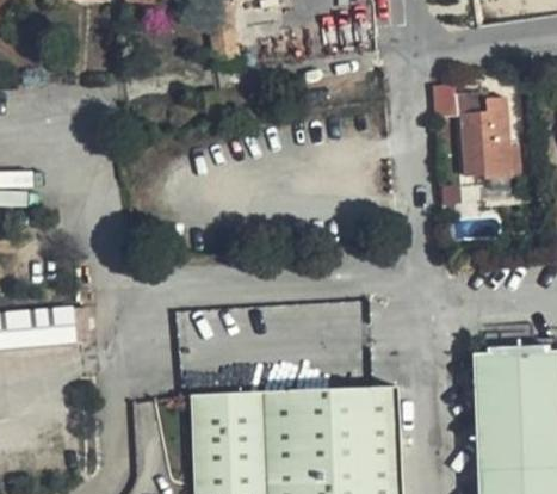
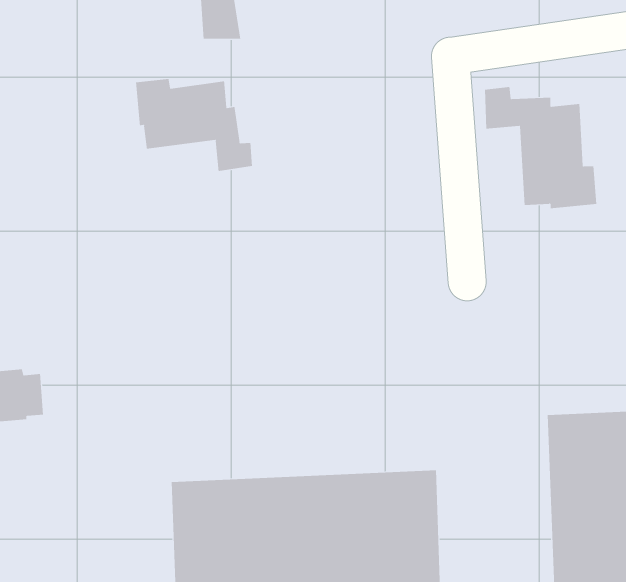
building: none -> [136,78,253,172]

